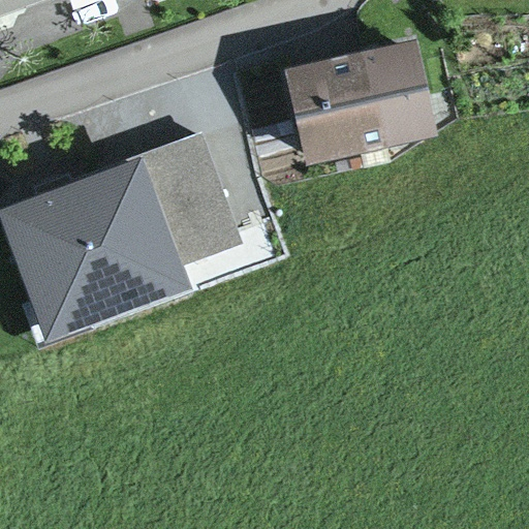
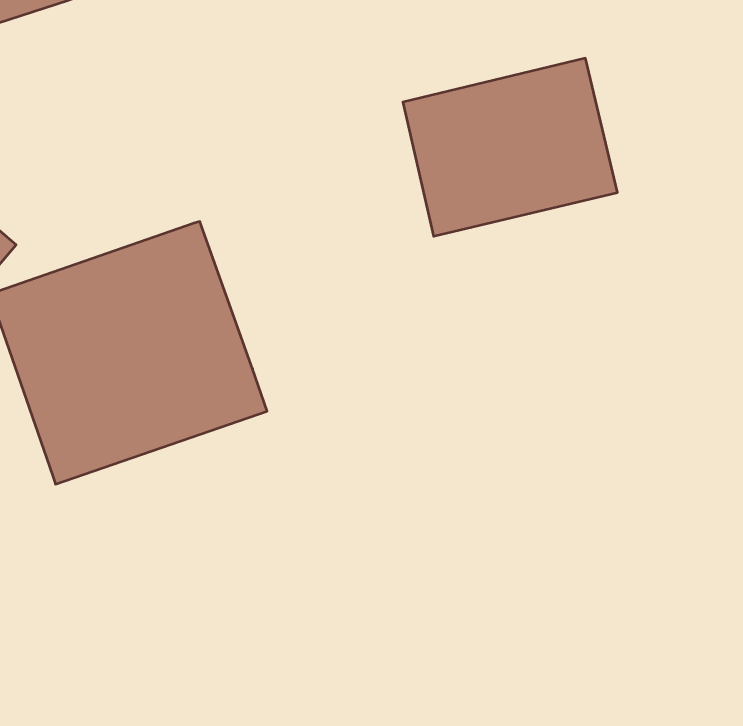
building: [135,125,243,261] -> none

